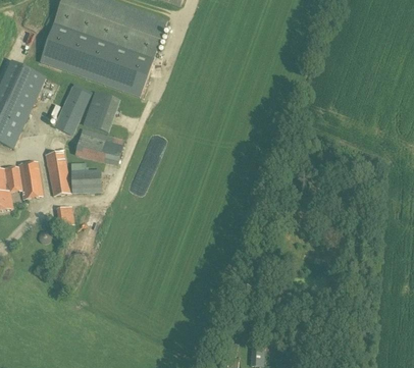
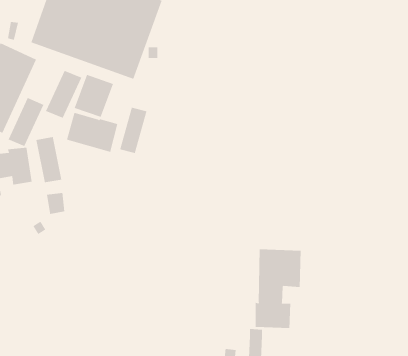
building: none -> [8,97,44,147]
building: none -> [120,107,147,154]
building: [70,168,102,194] -> none
building: none -> [255,249,301,329]

